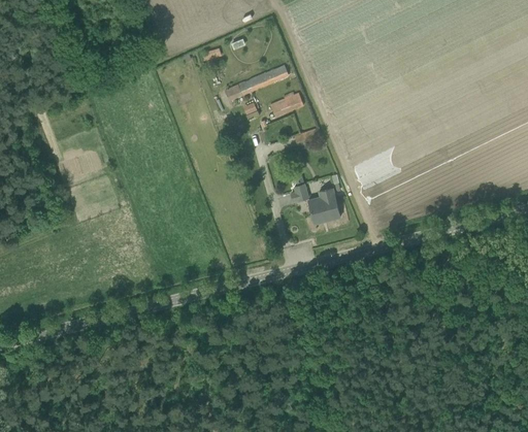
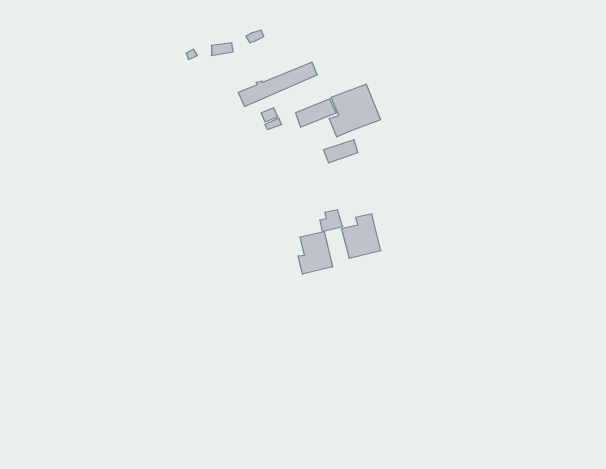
building: none -> [329,84,380,137]
building: none -> [298,232,333,274]

